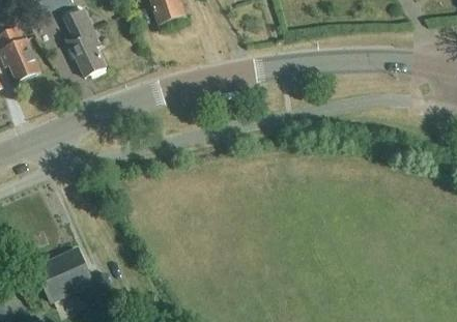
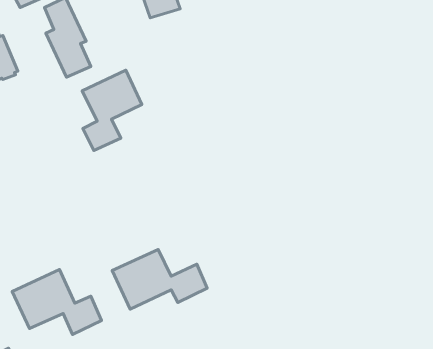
building: none -> [82,70,142,150]
building: none -> [112,249,207,309]

